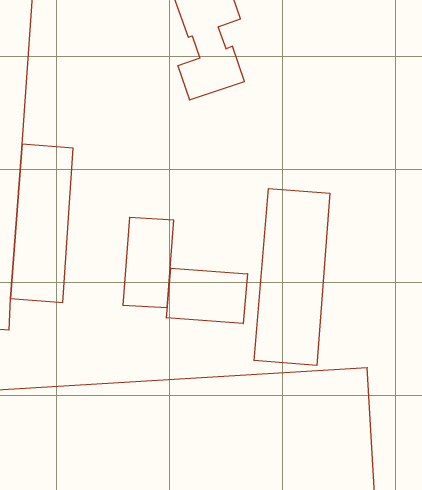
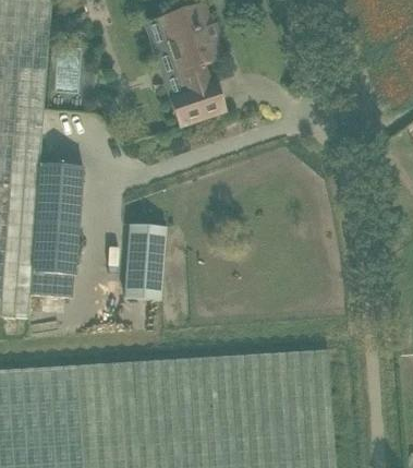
building: [254,189,330,365] -> none
building: [166,268,248,324] -> none

